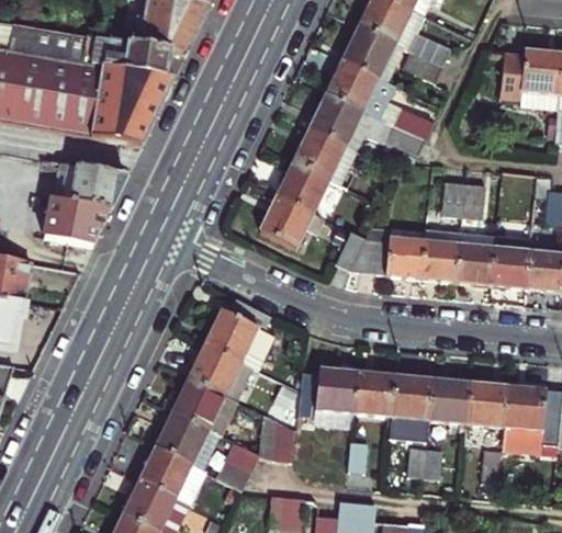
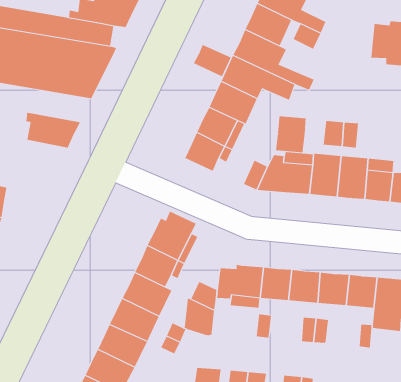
building: none -> [193,44,232,77]
building: none -> [276,115,306,153]
building: [38,204,104,252] -> none

